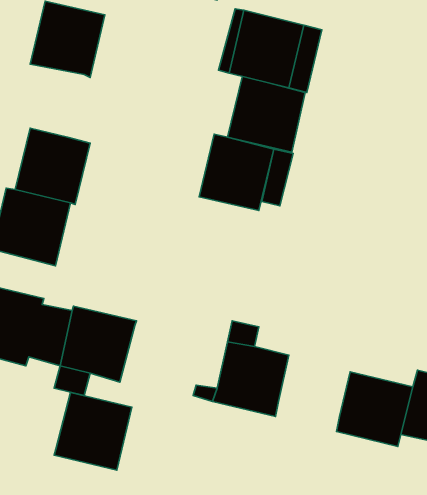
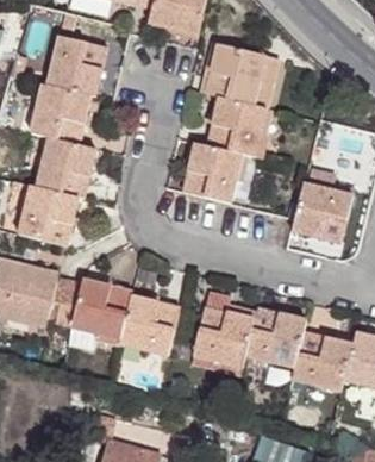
building: none -> [30,83,90,144]
building: none -> [292,183,352,242]
building: none -> [245,307,306,367]
building: [54,392,132,470] -> [118,294,180,356]

